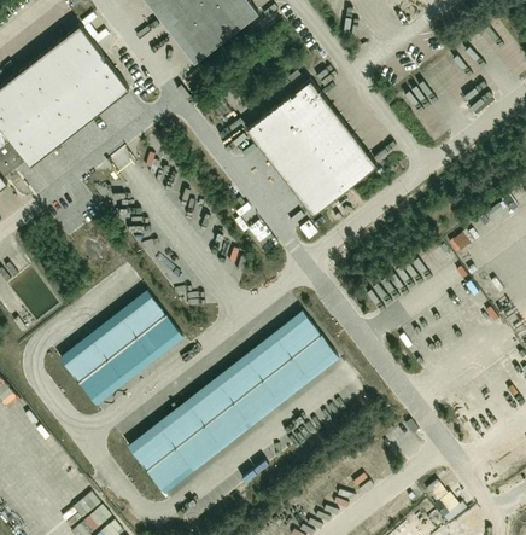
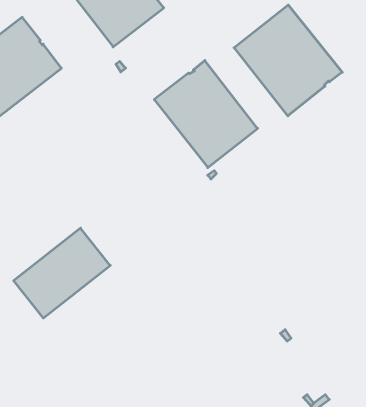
building: none -> [234,5,342,116]
building: [133,310,343,493] -> none

